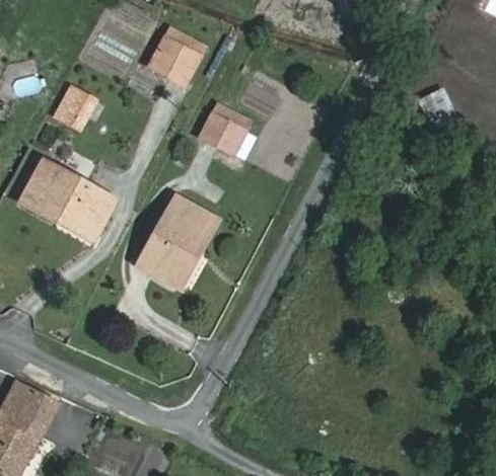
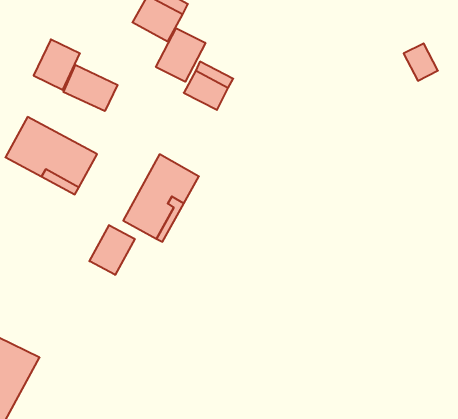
building: none -> [156,28,205,82]
building: none -> [63,65,118,111]
building: none -> [89,225,135,275]

